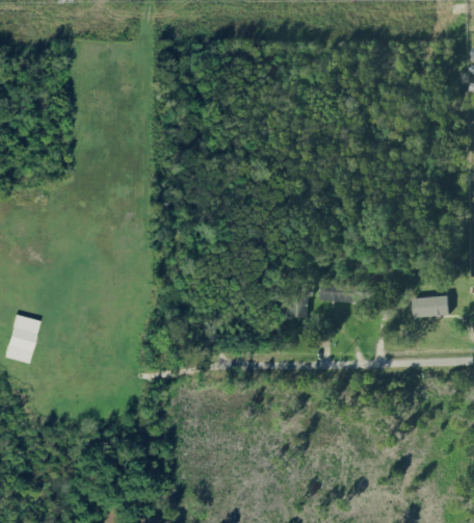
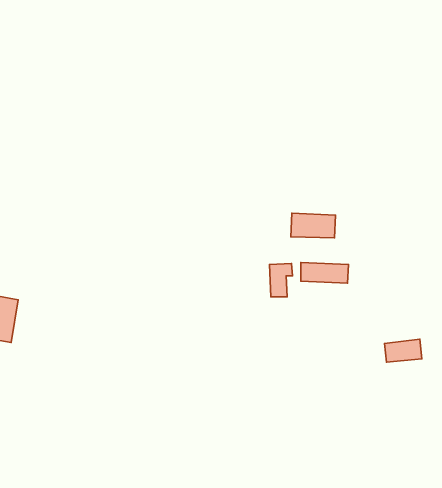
building: none -> [291,213,335,238]
building: [413,295,450,318] -> [384,339,422,362]

